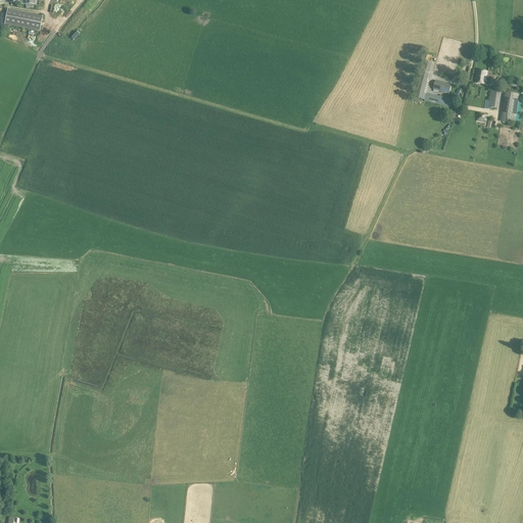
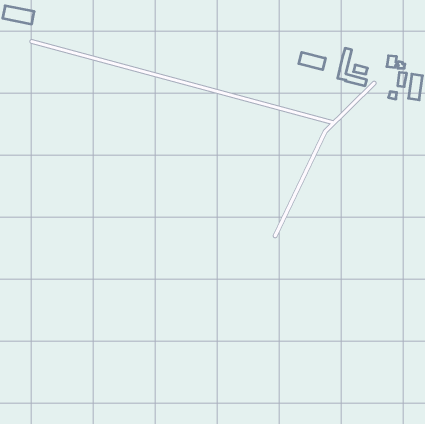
building: none -> [299,52,325,70]

